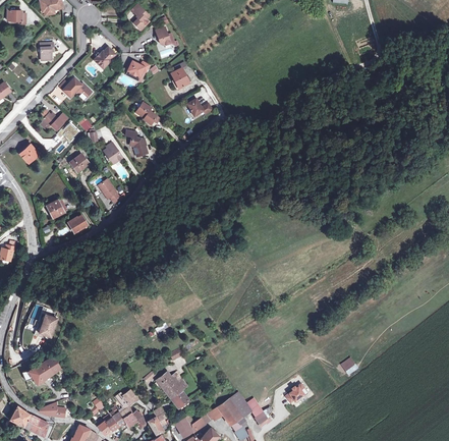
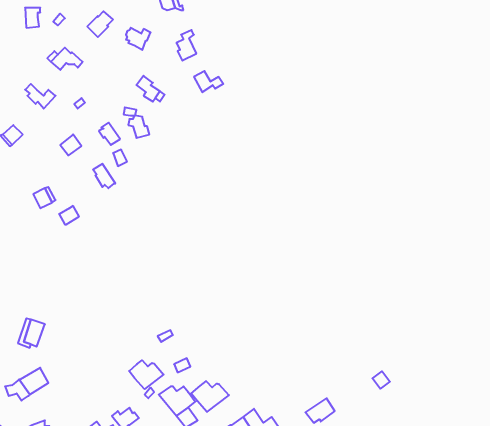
building: none -> [129,360,164,389]
building: none -> [191,381,229,412]

